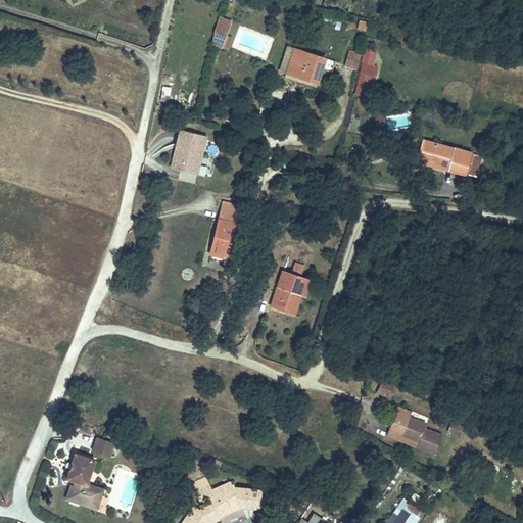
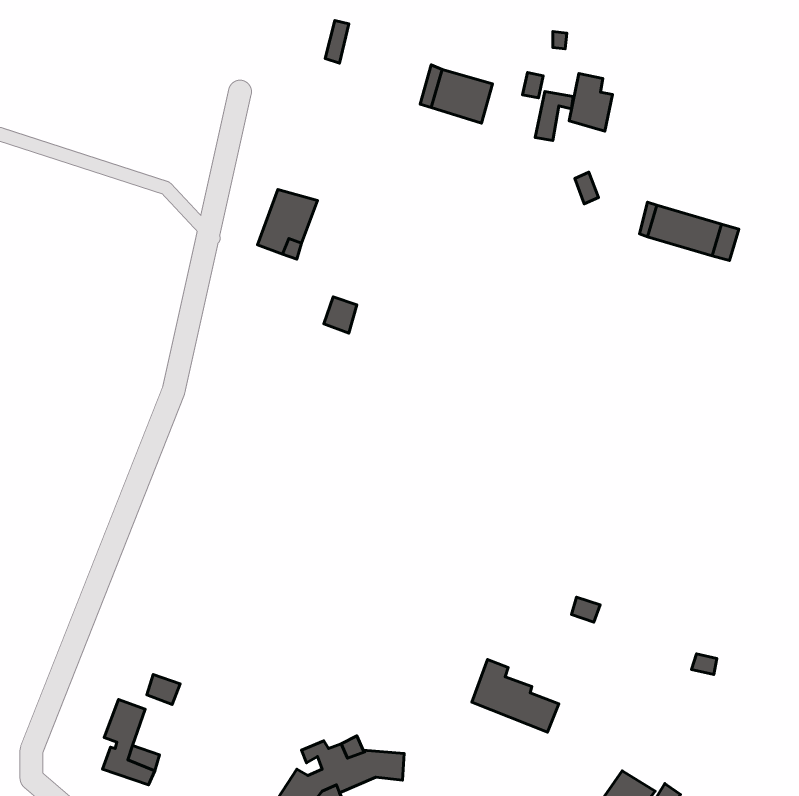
building: none -> [569,74,612,131]
building: [203,217,231,256] -> none
building: [268,272,306,314] -> none
building: [387,407,443,454] -> [472,660,559,732]

